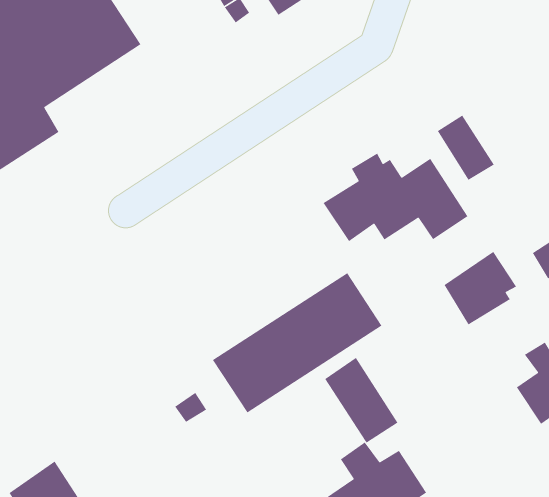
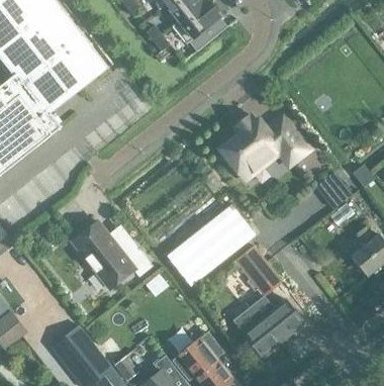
building: [437,114,495,181] -> none
building: none -> [72,220,152,288]

